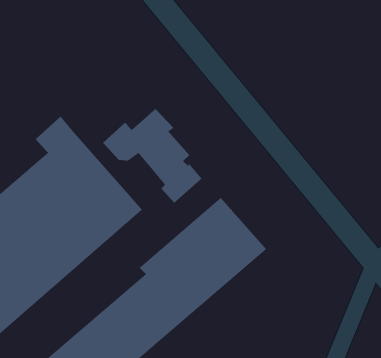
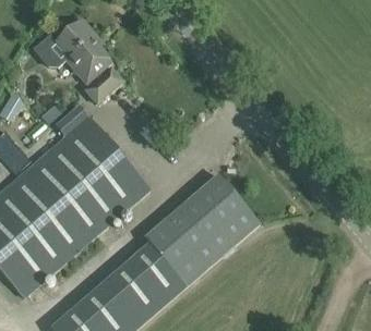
building: [102,108,203,203] -> [35,19,123,102]

